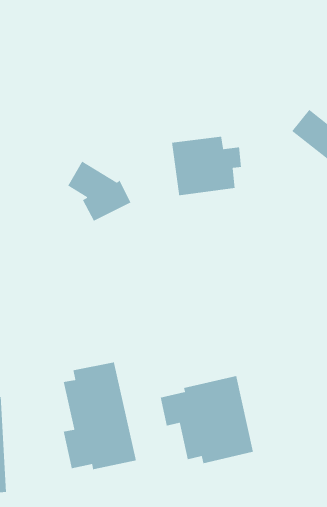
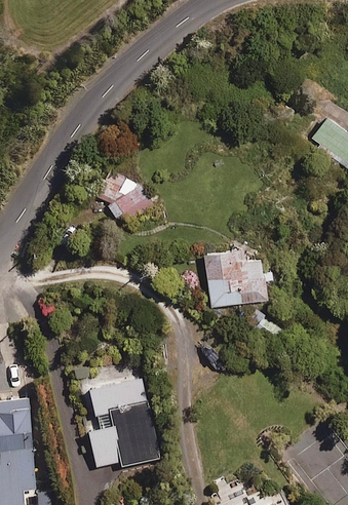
building: [171,136,242,196] -> [204,248,273,307]
building: [160,375,254,464] -> none

